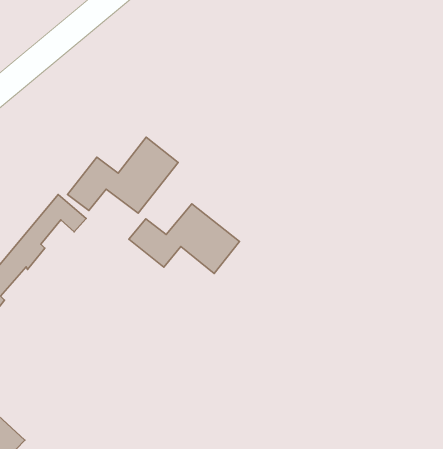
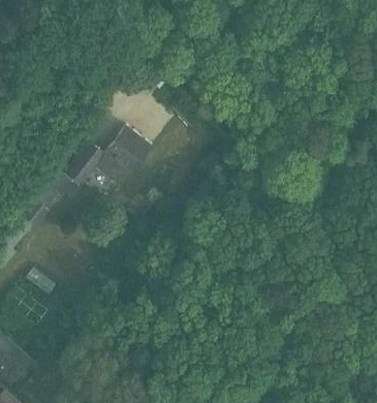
building: [129,204,239,273] -> none

